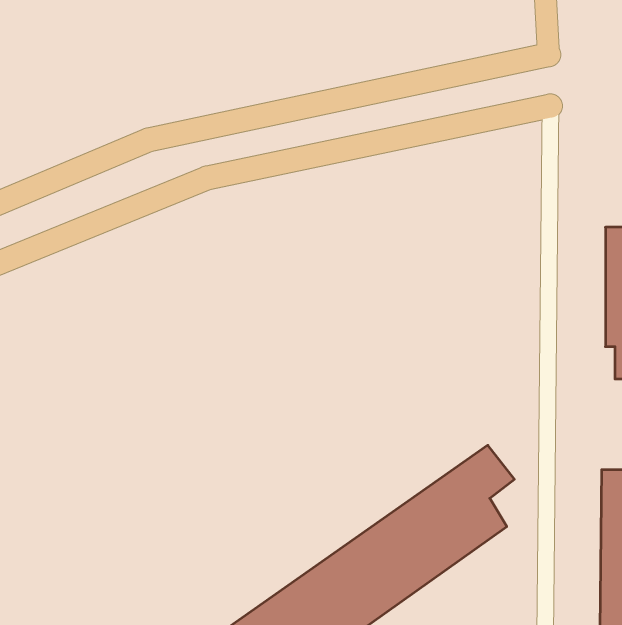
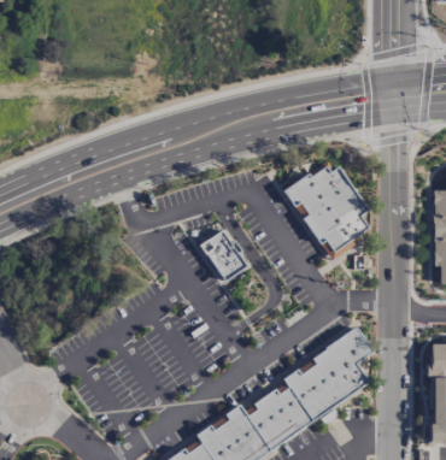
building: none -> [282,164,369,256]
building: none -> [198,230,248,285]

